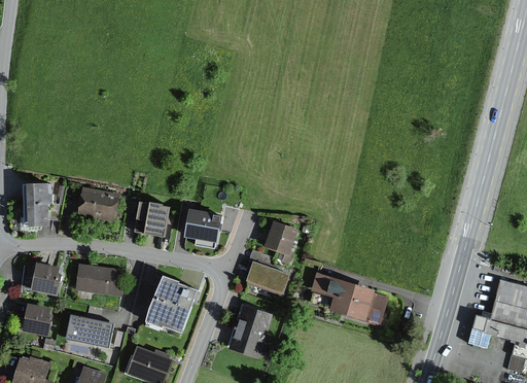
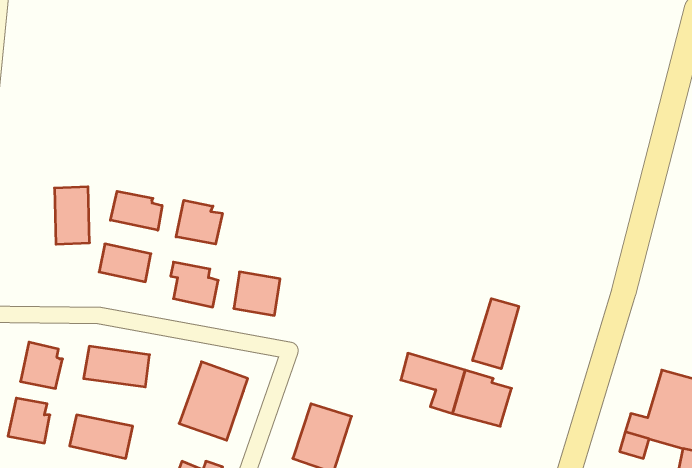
building: none -> [110,191,162,230]
building: none -> [176,200,222,244]
building: [21,183,46,225] -> [54,187,90,244]
building: [267,221,297,253] -> none
building: none -> [473,299,519,369]
building: [246,260,290,292] -> none

